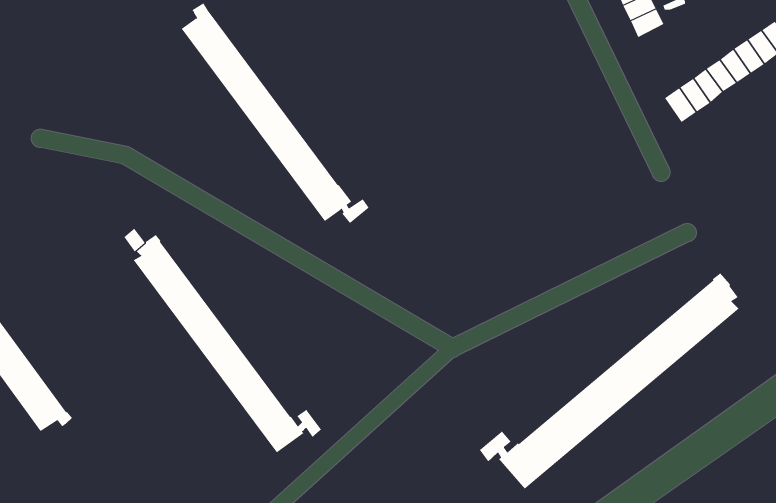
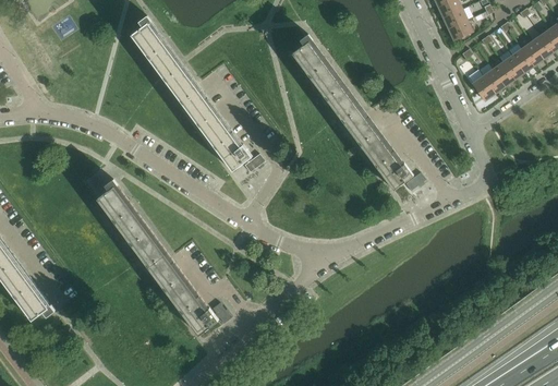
building: none -> [292,35,426,192]
building: [478,272,740,490] -> none

